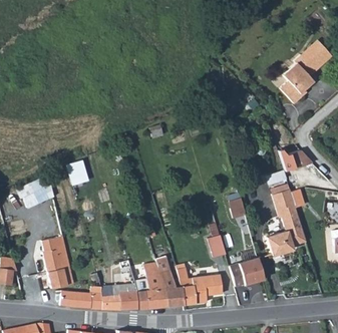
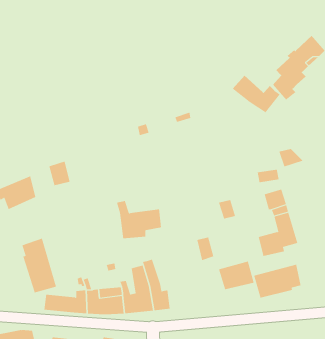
building: none -> [232,75,280,113]
building: none -> [254,264,301,298]
building: [177,266,221,303] -> [116,200,162,239]

